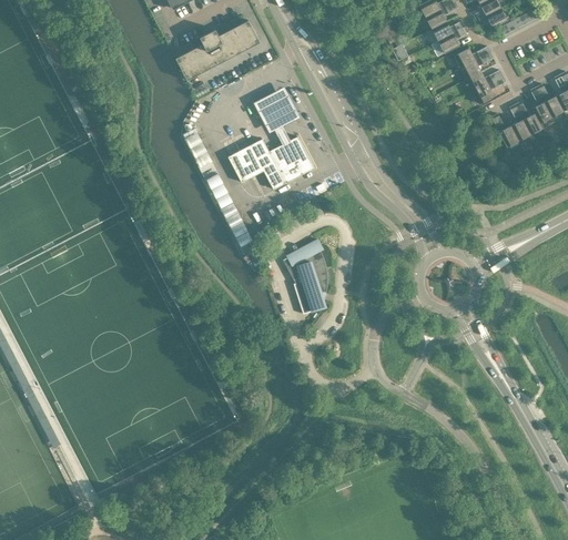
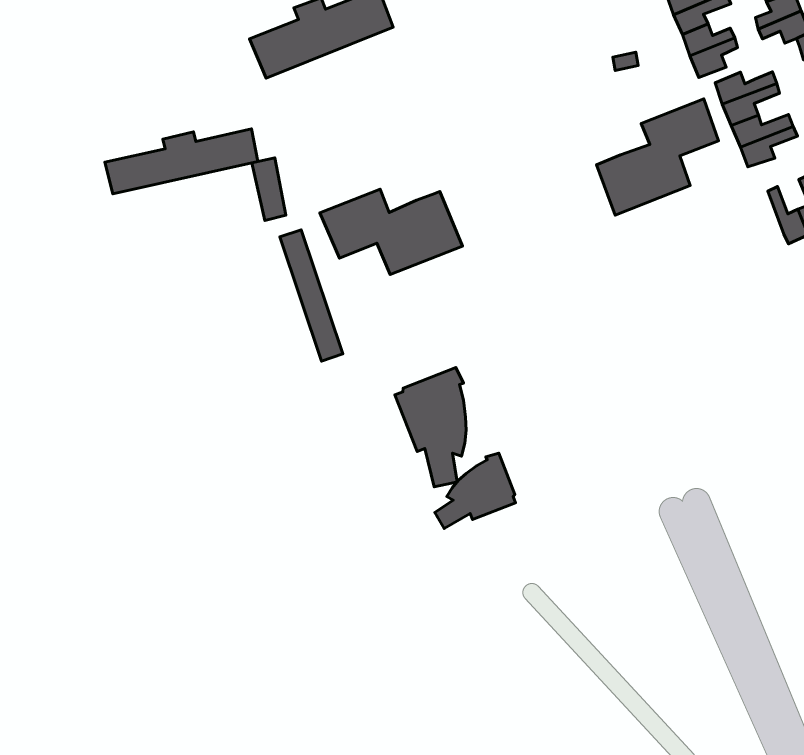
building: none -> [596,99,719,215]
building: [255,83,300,143] -> none
building: none -> [105,129,258,194]
building: none -> [435,453,516,529]

